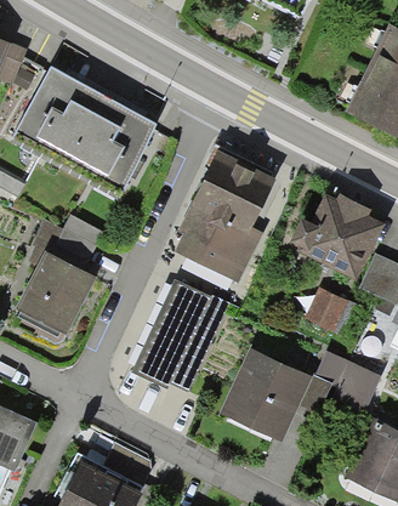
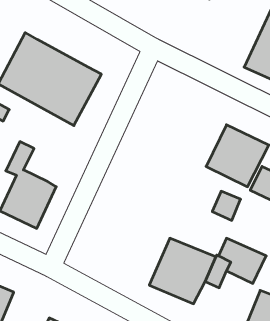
building: [181,150,277,277] -> none
building: [49,212,102,271] -> none
building: [130,274,228,387] -> none

